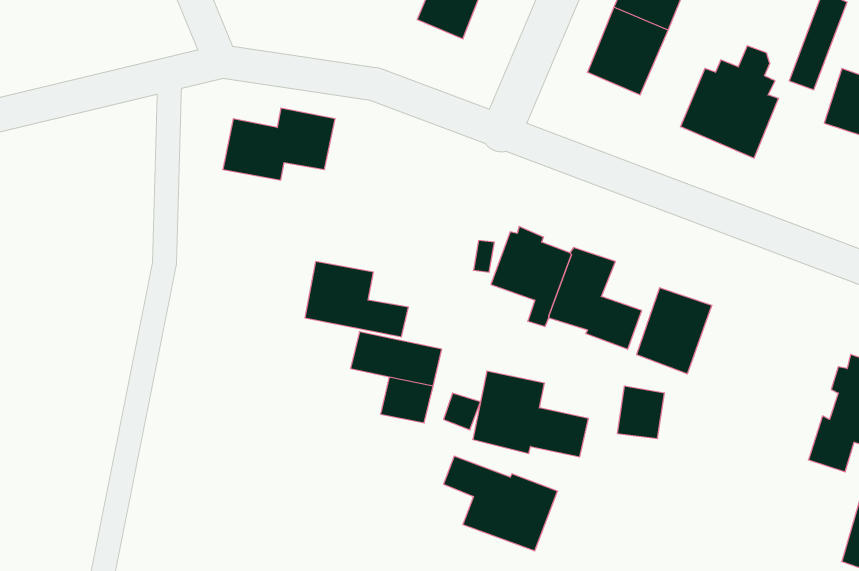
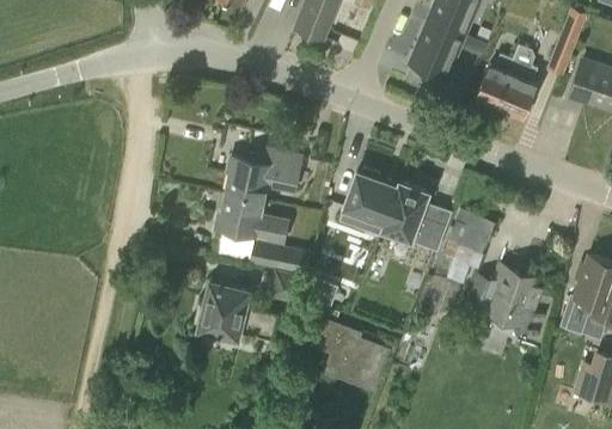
building: [223,108,335,180] -> [225,149,301,198]
building: [473,371,588,457] -> [200,282,279,341]
building: none -> [464,266,543,329]

